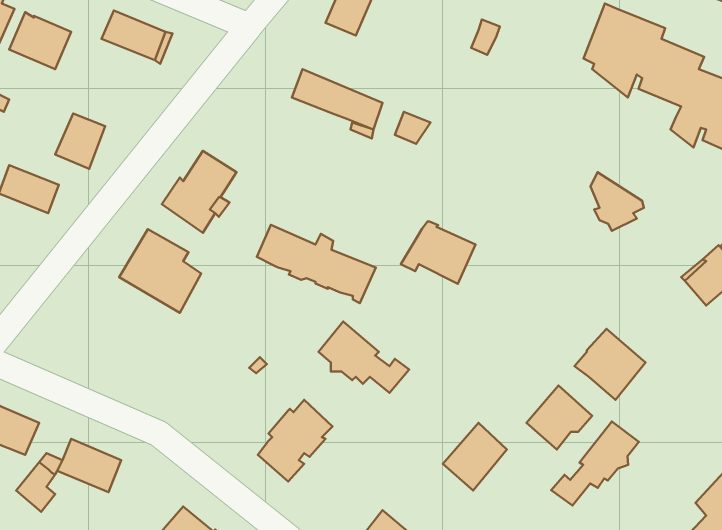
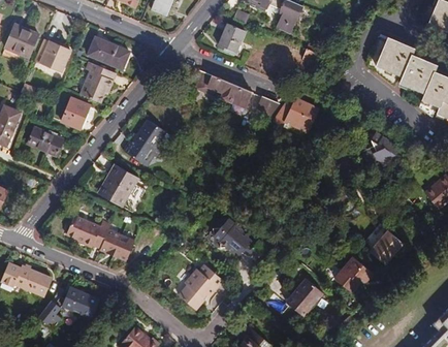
building: none -> [79,61,116,102]
building: [401,221,476,284] -> [274,96,317,132]
building: [257,225,376,303] -> [65,215,134,260]
building: [551,421,639,505] -> none

